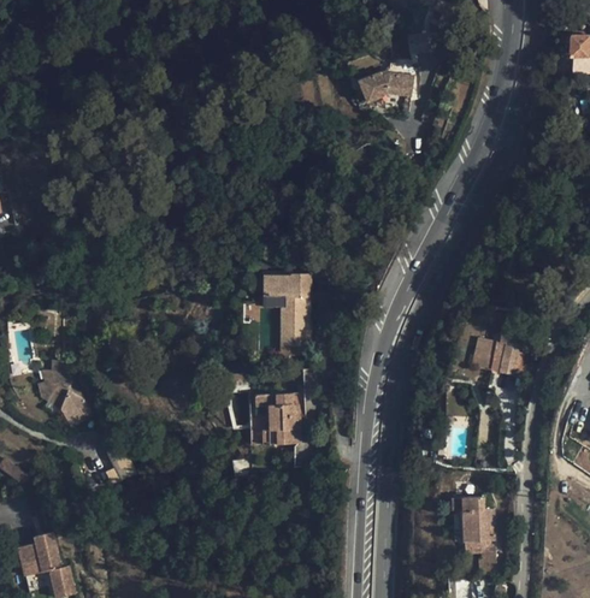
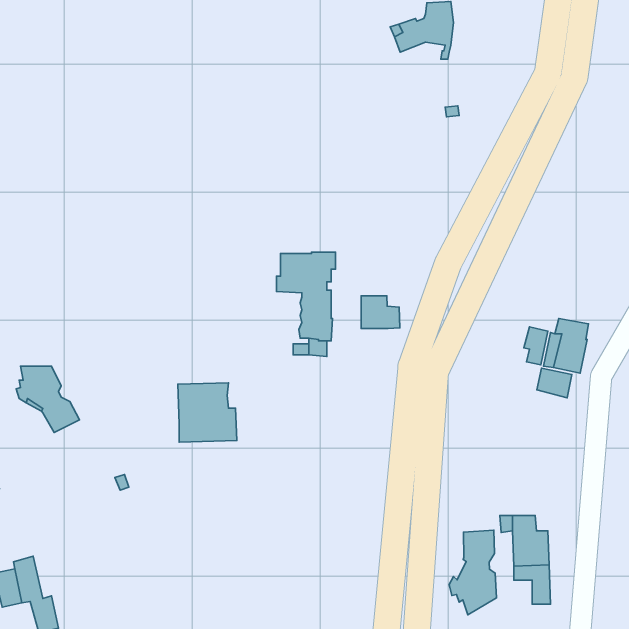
building: none -> [361,296,400,328]
building: none -> [537,368,572,398]
building: [248,393,299,444] -> [178,383,237,442]
building: none -> [449,530,497,615]

